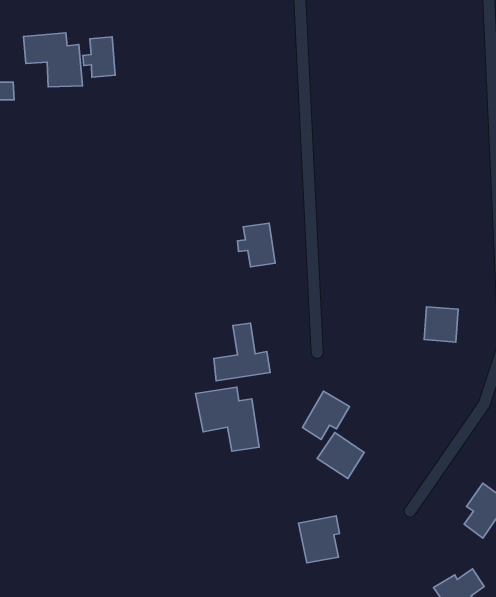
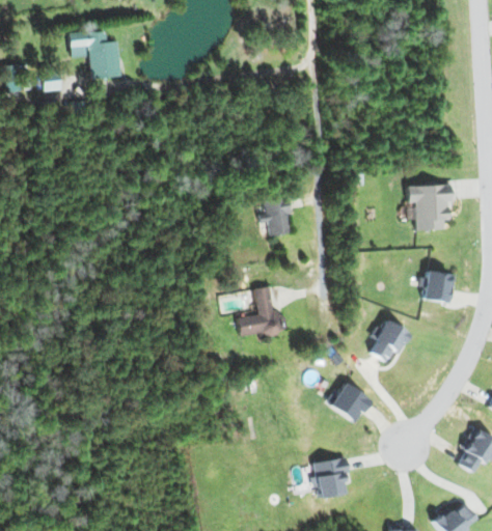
building: [83,37,115,77] -> none
building: none -> [407,185,449,229]
building: [196,387,259,451] -> none
building: [303,391,350,439] -> [368,320,410,363]

